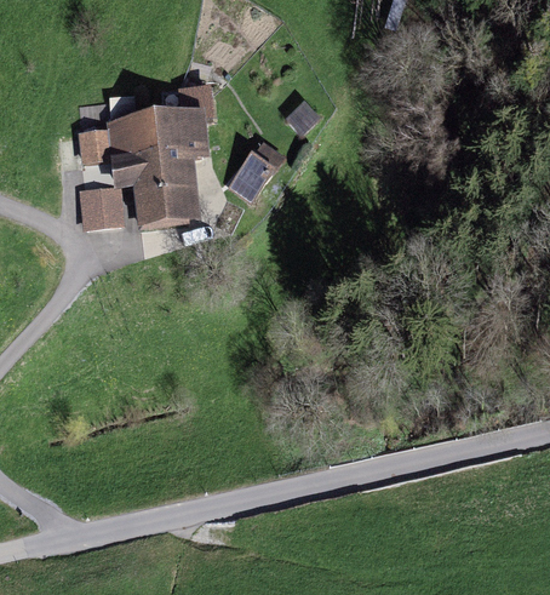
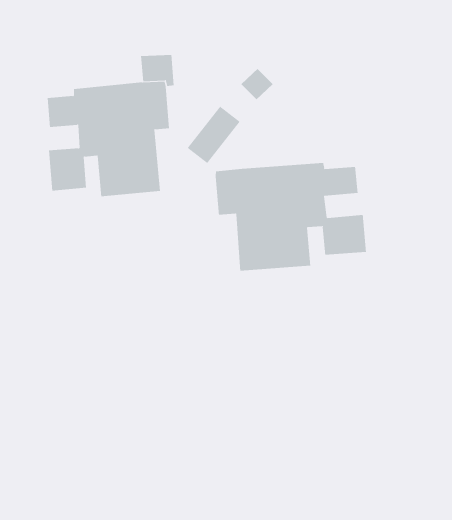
building: none -> [215,162,366,271]

